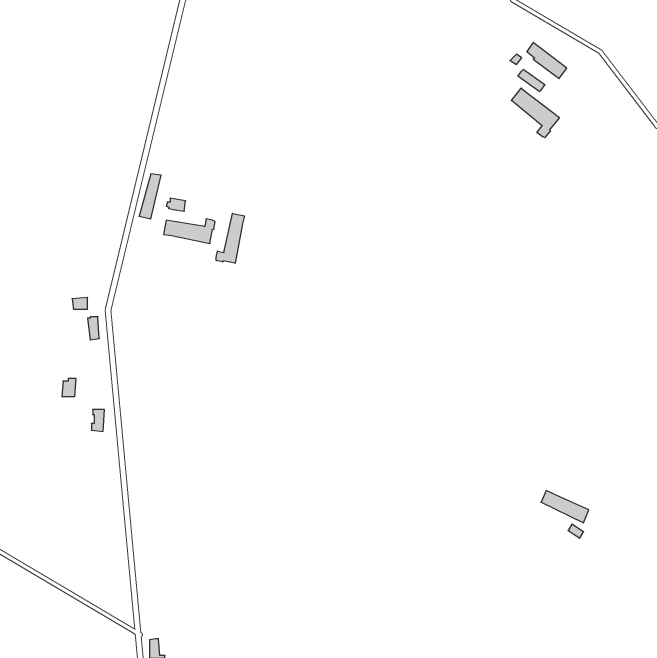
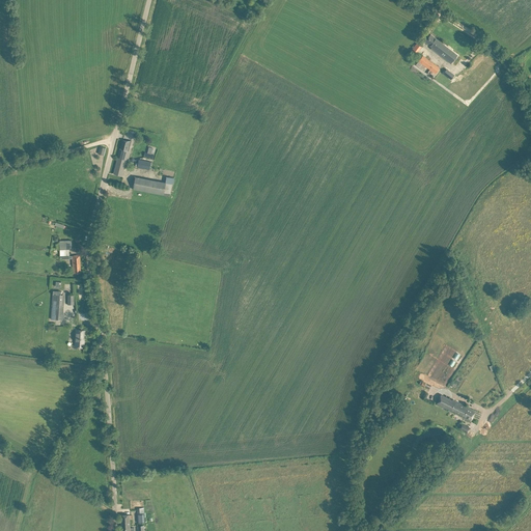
building: [511,88,559,138] -> none
building: [216,213,244,263] -> none

